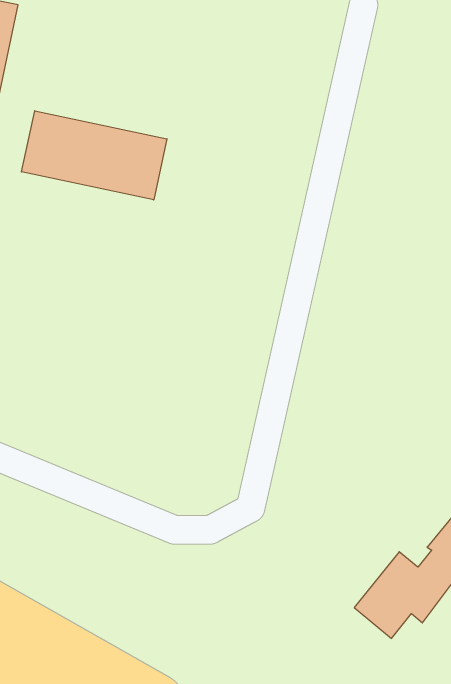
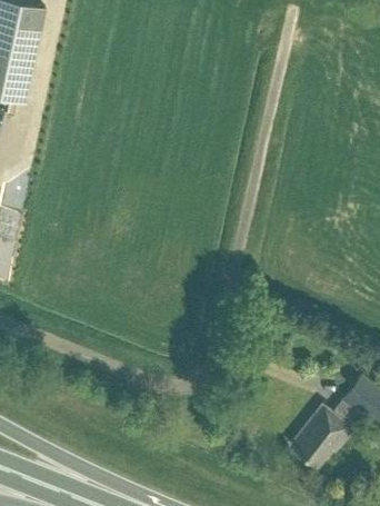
building: [21,111,167,200] -> none

